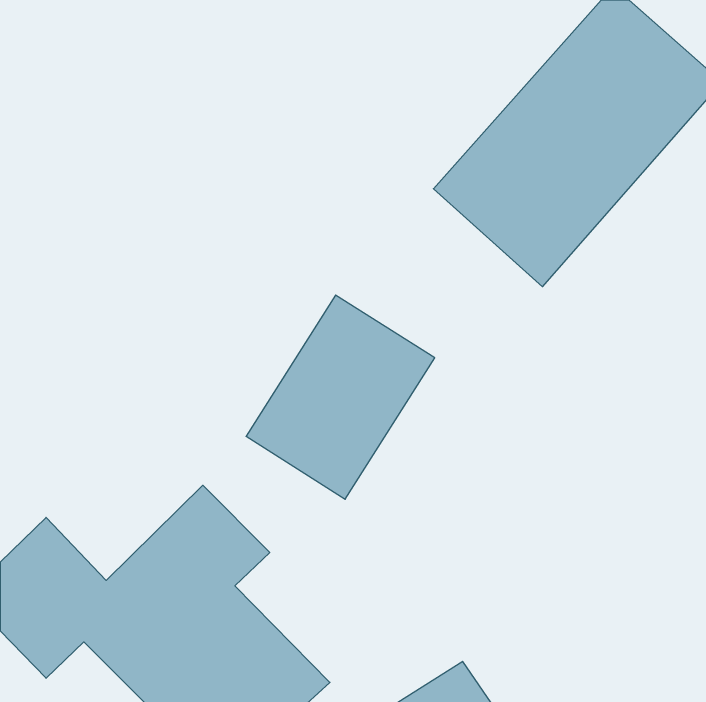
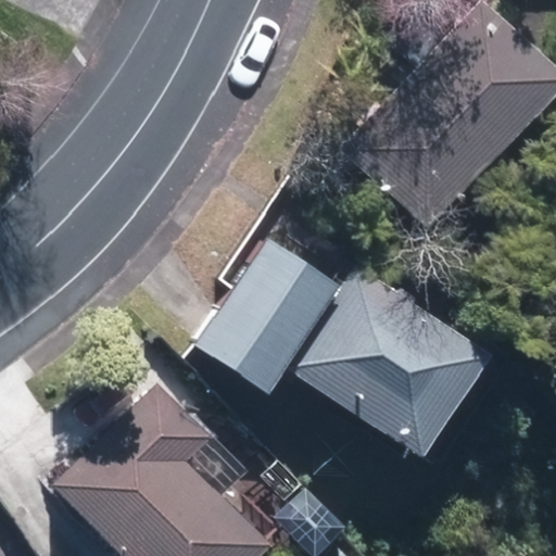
building: none -> [298,258,498,456]

